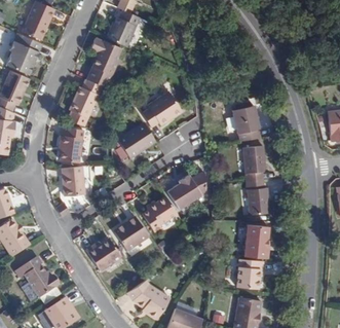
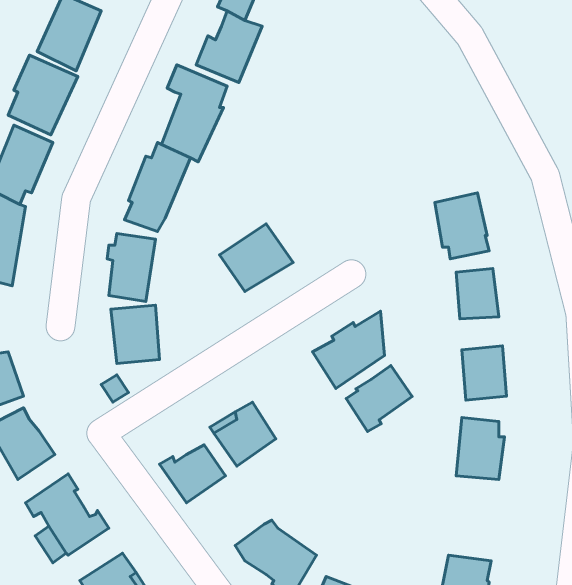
building: [143,90,182,127] -> none
building: [142,196,177,231] -> [346,366,412,431]
building: [236,259,264,290] -> none

